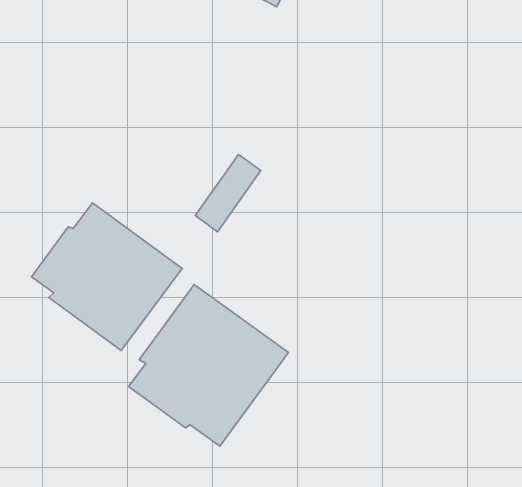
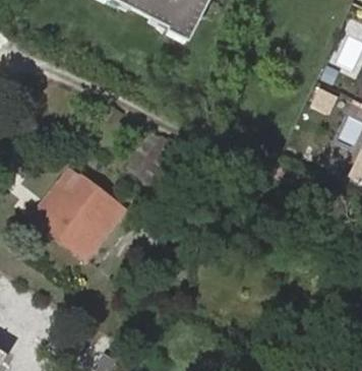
building: [129,284,289,446] -> none

